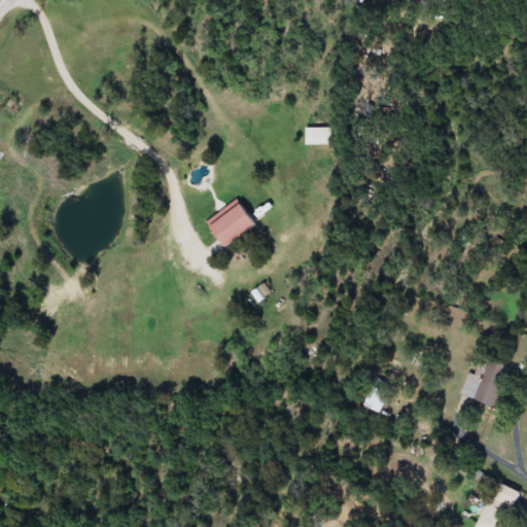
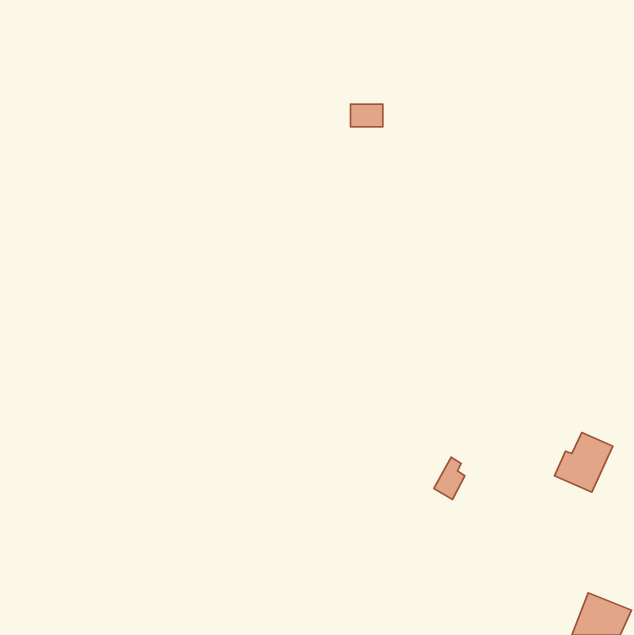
building: [306,128,332,146] -> [351,104,383,127]
building: [210,197,260,248] -> none

